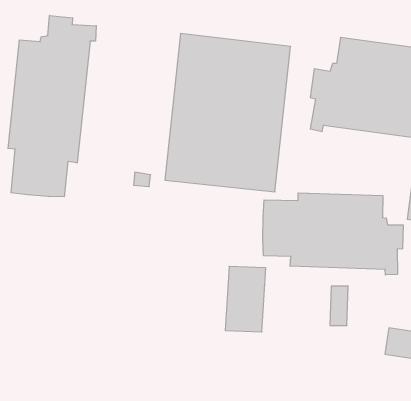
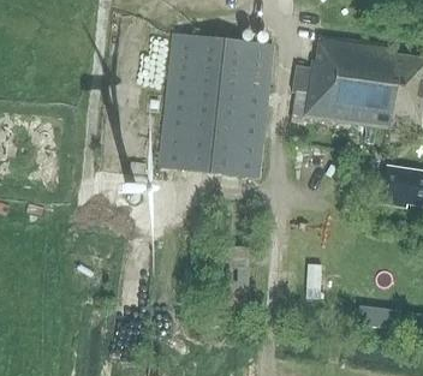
building: [8,15,96,197] -> none
building: [263,193,403,275] -> none

